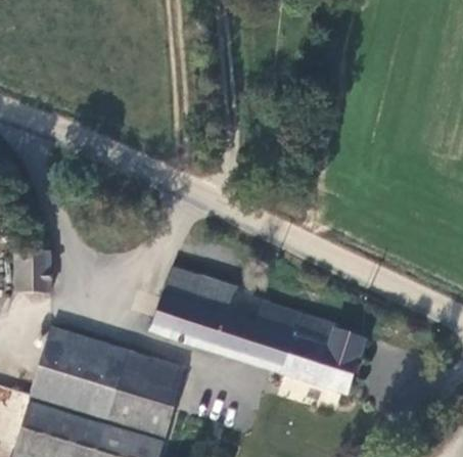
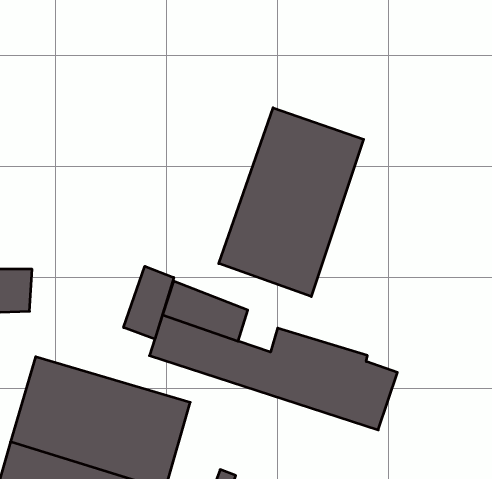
building: none -> [219,108,364,297]
building: none -> [124,266,174,339]

